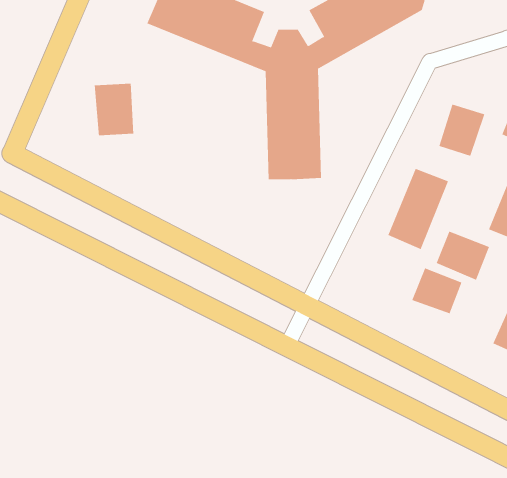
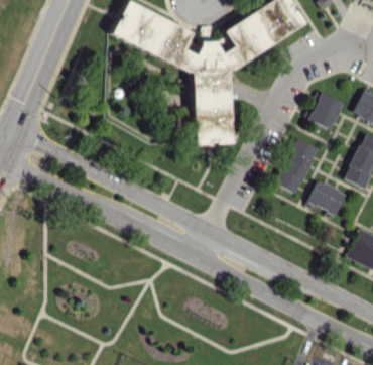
building: [94,83,134,136] -> none
building: [412,267,462,314] -> none

